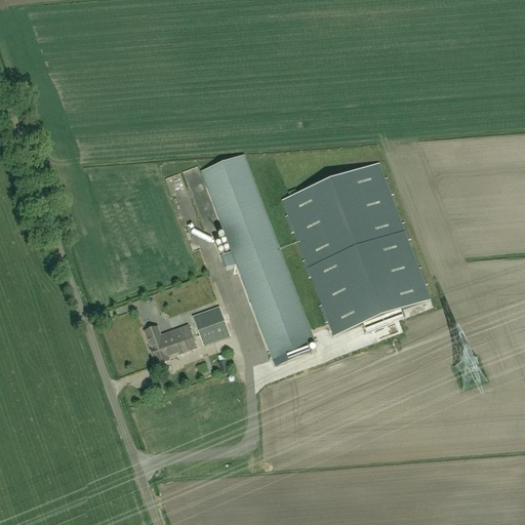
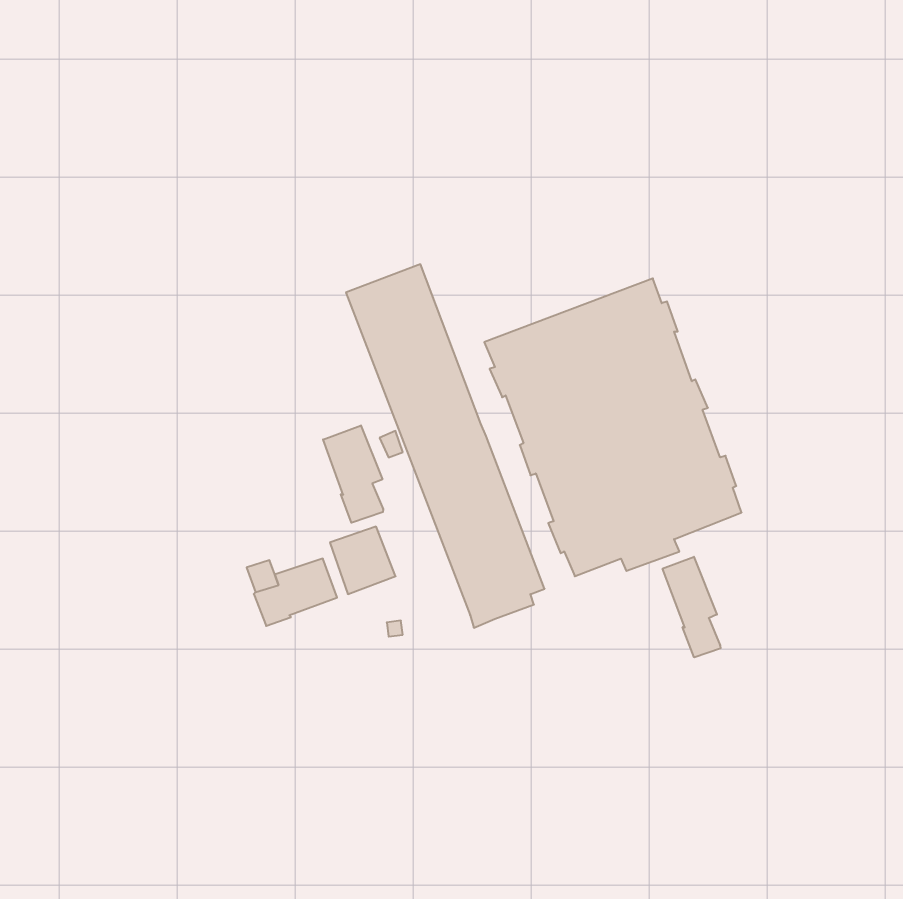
building: none -> [323,425,383,523]
building: none -> [663,557,720,657]

